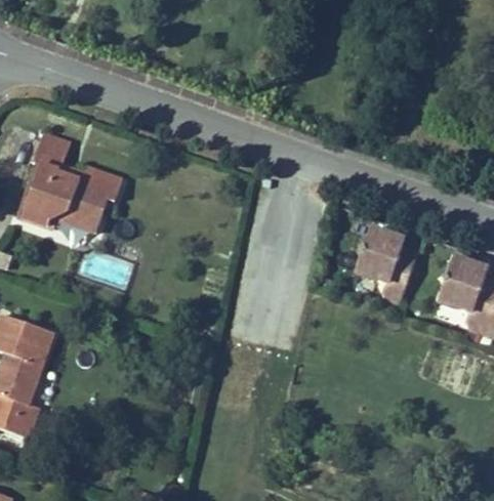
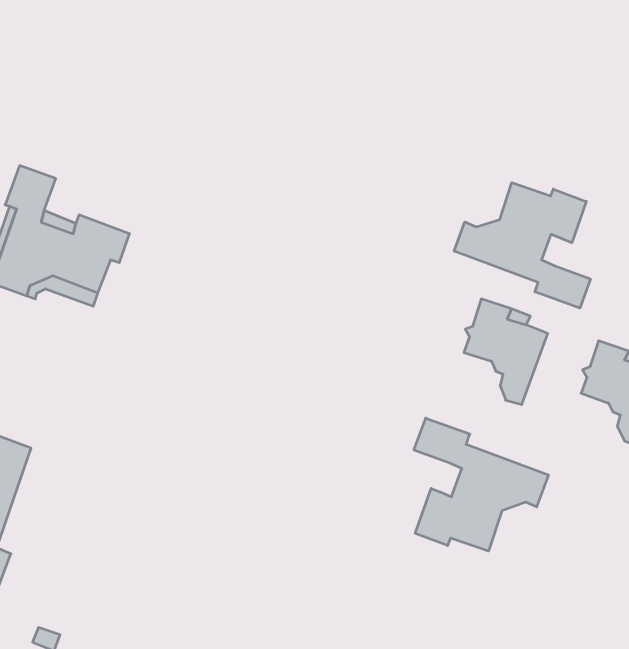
building: none -> [454,183,590,308]
building: none -> [414,418,548,551]

